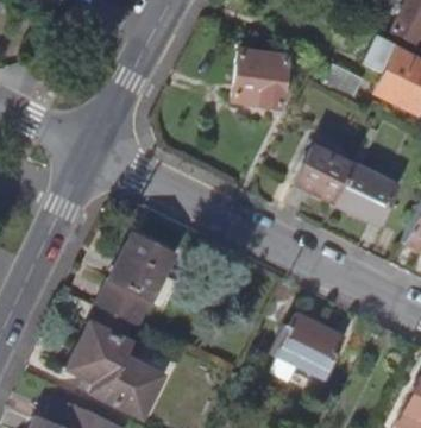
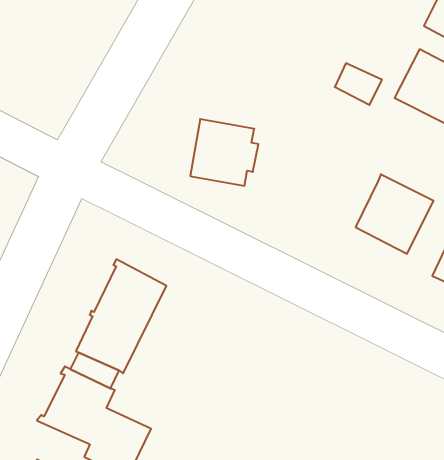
building: [232,49,290,106] -> [190,119,258,186]
building: [289,136,353,197] -> none
building: [265,320,340,384] -> none

